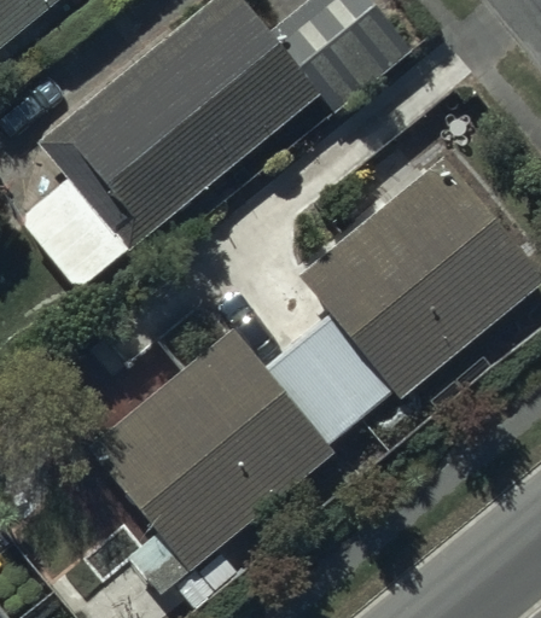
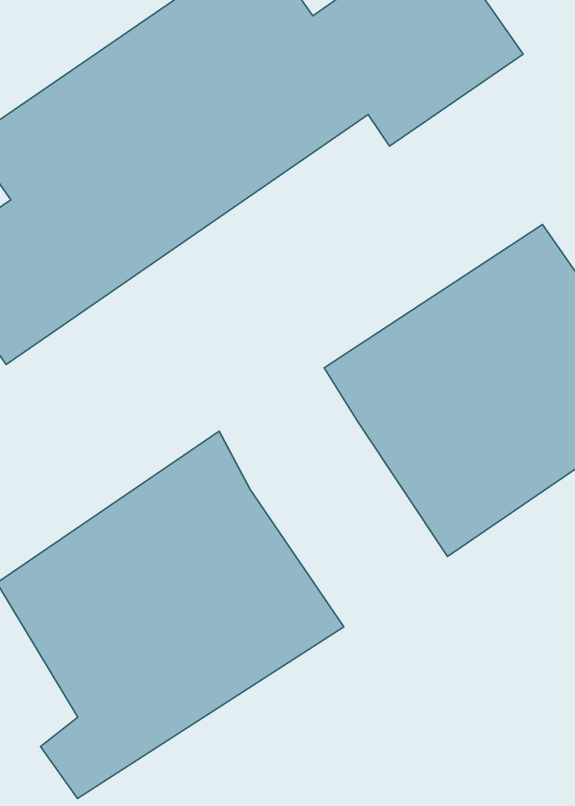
building: [258,309,400,453] -> none

